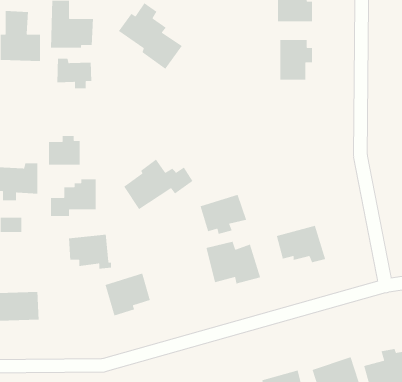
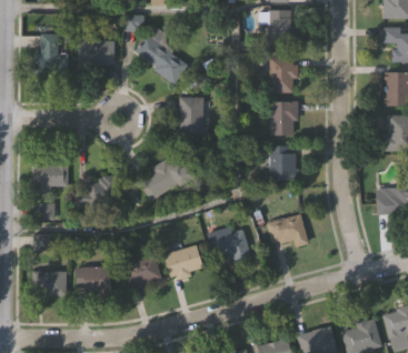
building: [56,58,92,89] -> none
building: none -> [180,97,210,138]
building: none -> [271,101,300,134]
building: [48,135,81,166] -> none
building: none -> [268,145,298,179]
building: [200,194,247,235] -> [165,244,205,279]
building: [68,234,112,270] -> [77,263,113,293]

